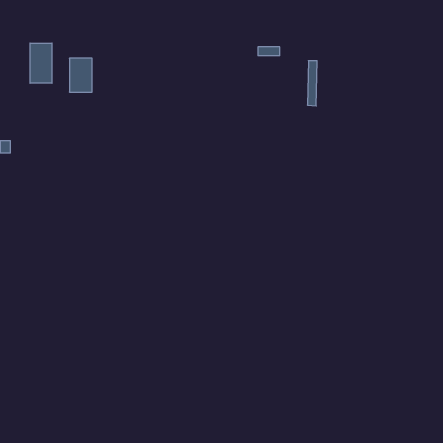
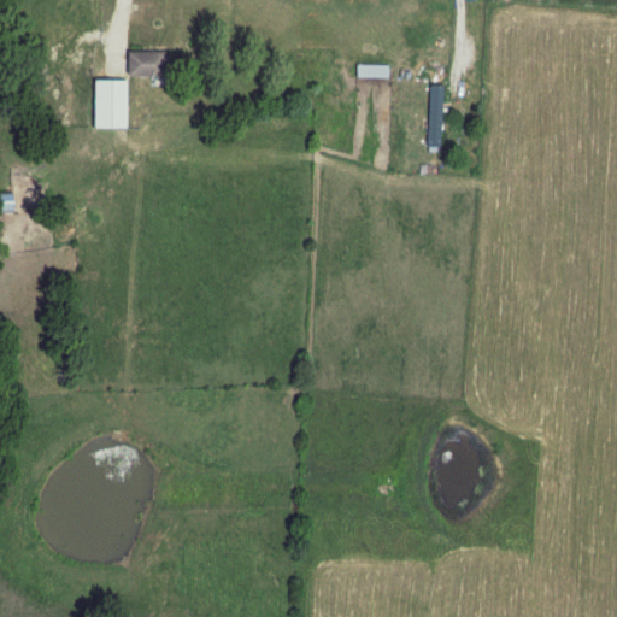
building: none -> [130,52,168,76]
building: [30,43,52,83] -> none

